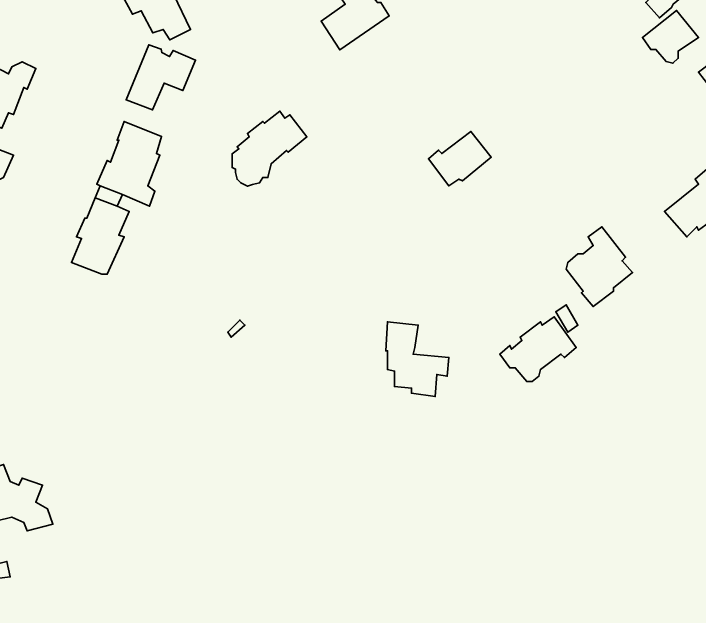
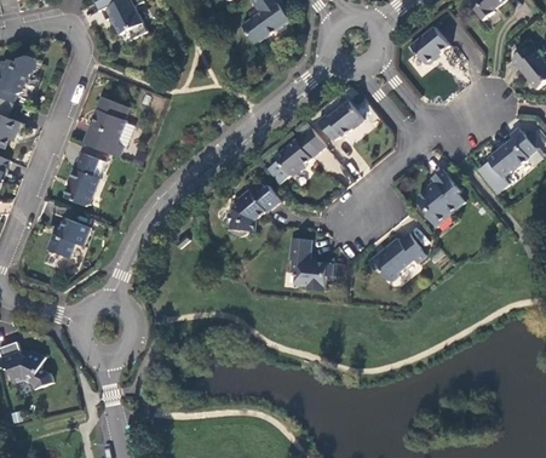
building: [642,10,698,63] -> [407,29,447,67]
building: [126,45,195,110] -> none
building: [232,111,307,186] -> [225,184,278,237]
building: none -> [274,130,324,177]
building: none -> [47,216,88,256]

